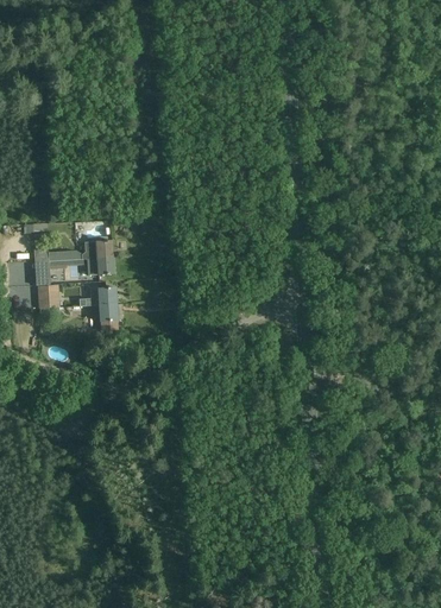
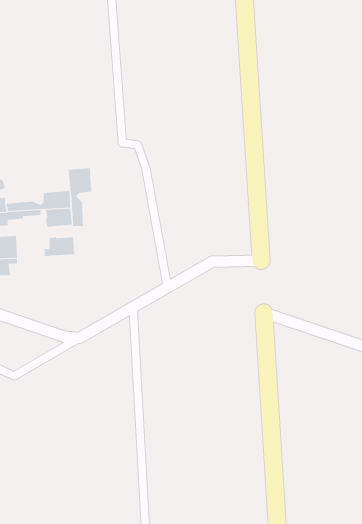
building: none -> [68,168,91,227]
building: [94,303,119,330] -> none

